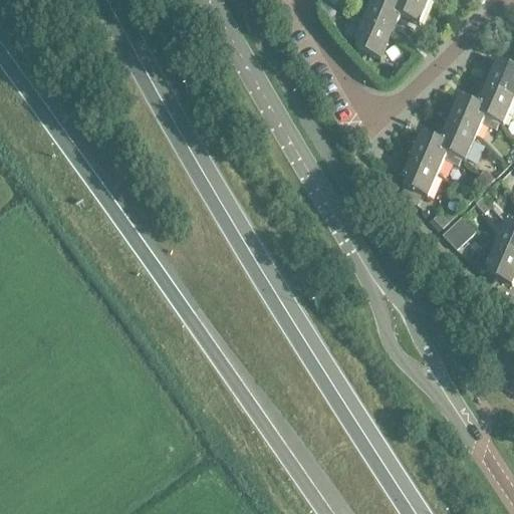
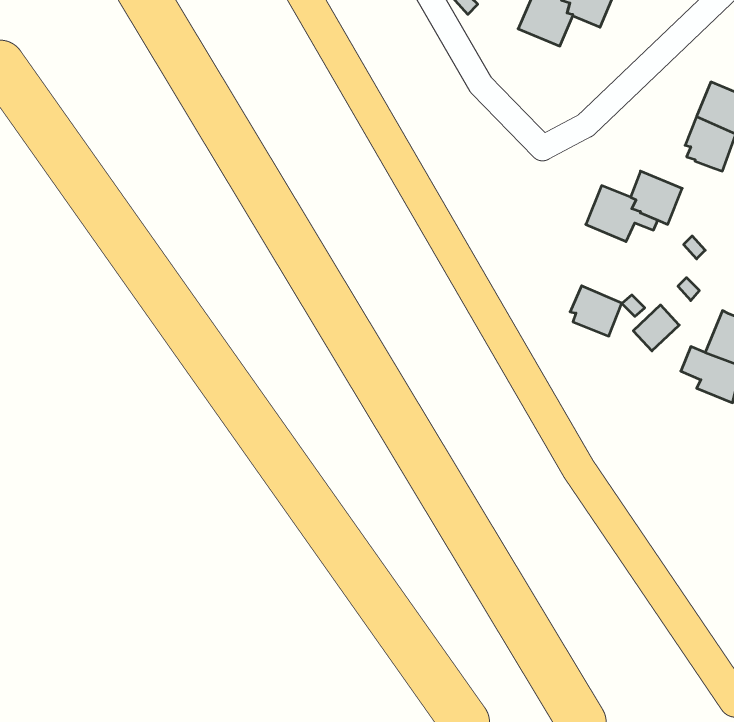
building: [354,20,392,56] -> none
building: [448,92,499,132] -> none
building: [402,157,438,192] -> [570,286,622,336]

